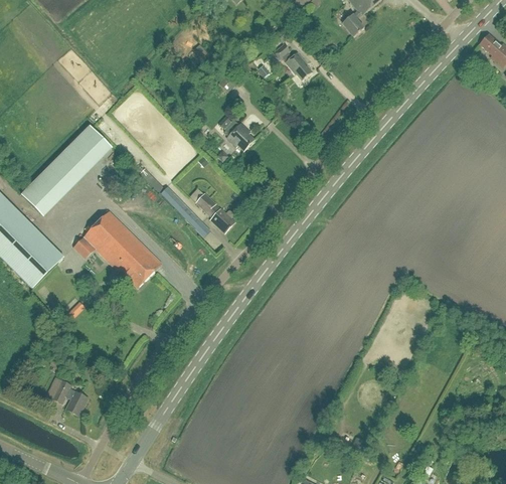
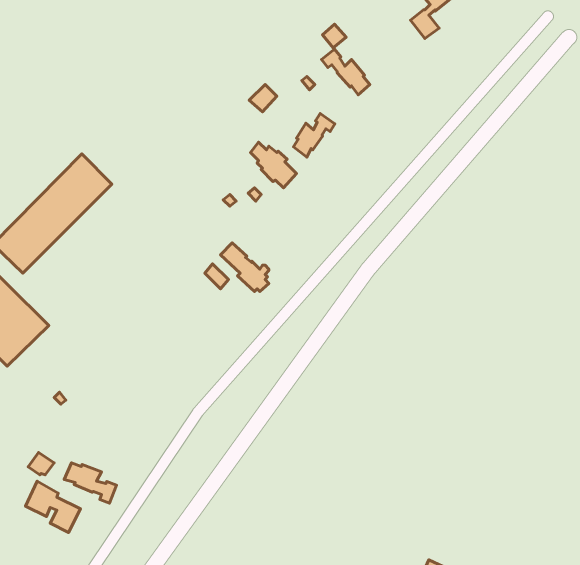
building: none -> [293,114,335,157]
building: [71,210,161,287] -> none
building: none -> [64,463,117,503]

